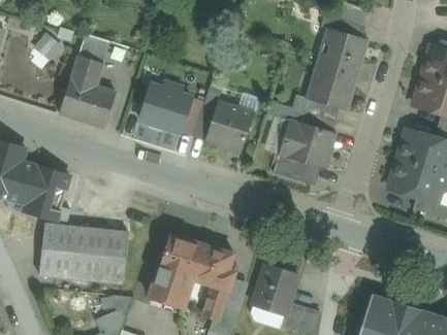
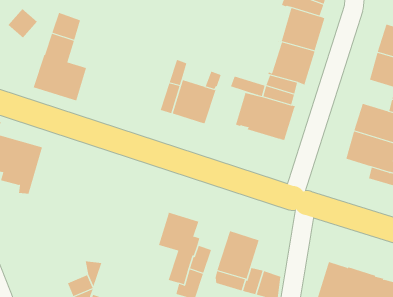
building: [143,72,198,134] -> none
building: [273,153,319,185] -> none
building: [37,224,127,284] -> none
building: [149,235,200,308] -> none

